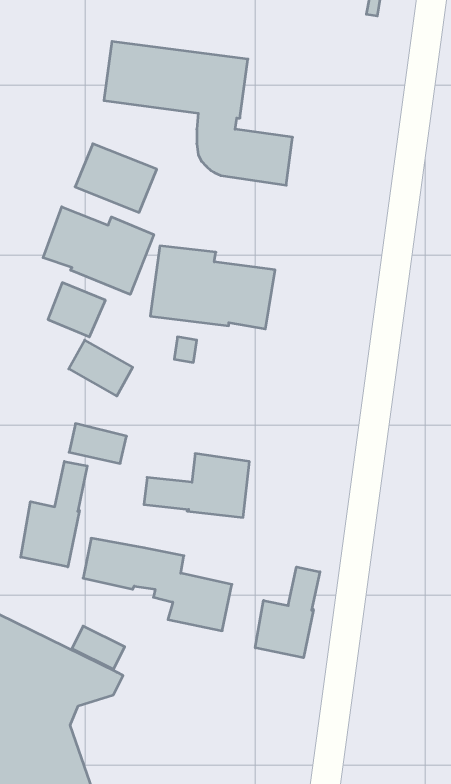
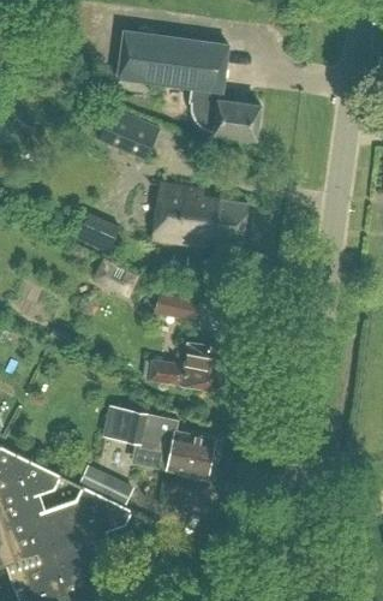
building: [43,207,154,294] -> none
building: [69,424,127,463] -> [152,292,196,322]
building: [21,461,87,567] -> none
building: [255,567,320,658] -> none

